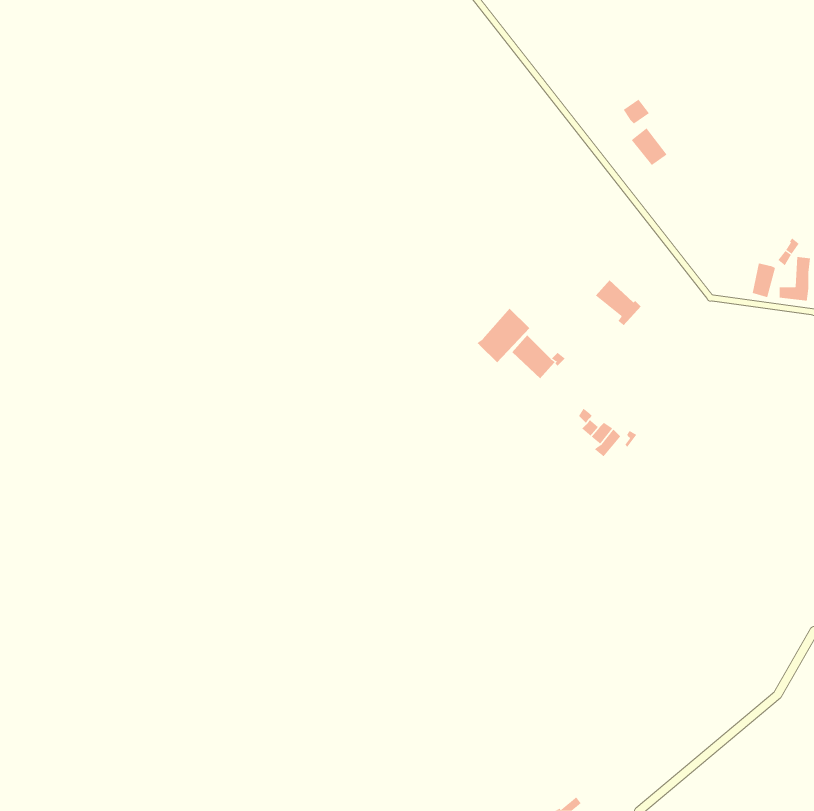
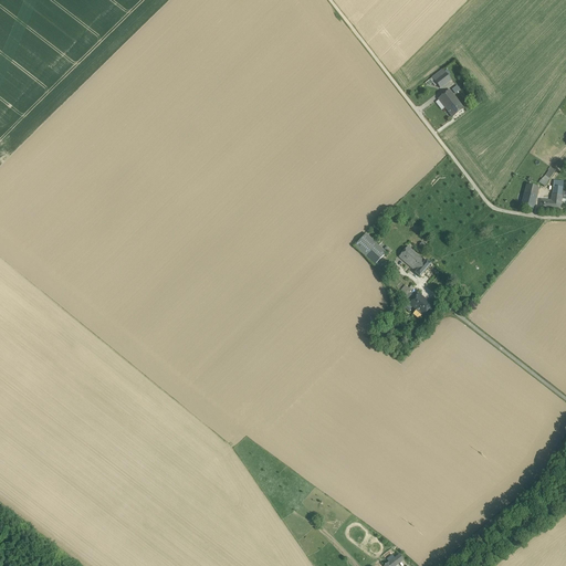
building: [595,280,641,326] -> [398,244,430,276]
building: [476,308,530,363] -> none

